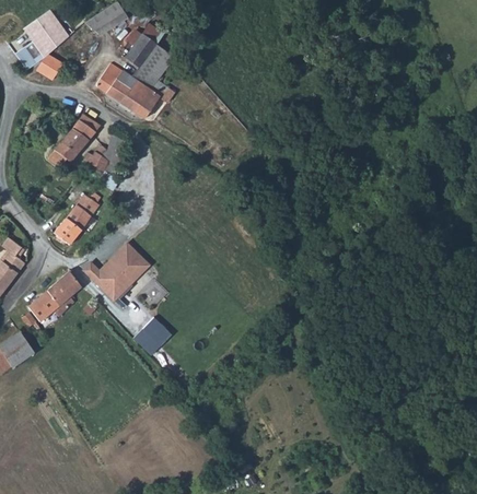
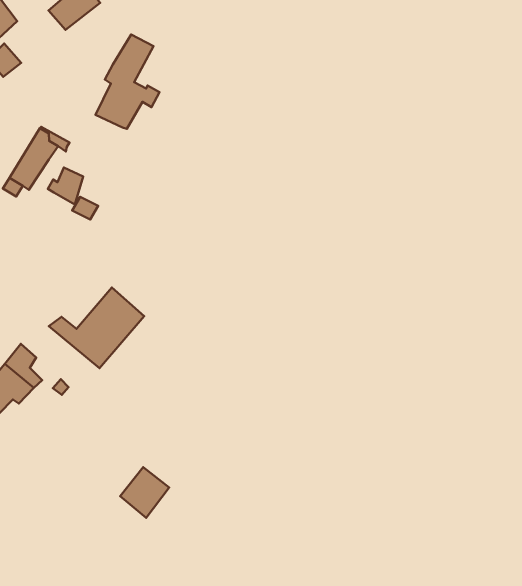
building: [124,27,162,68] -> none
building: [96,66,138,105] -> none
building: [53,192,98,247] -> none
building: [135,311,172,350] -> [120,467,169,518]

